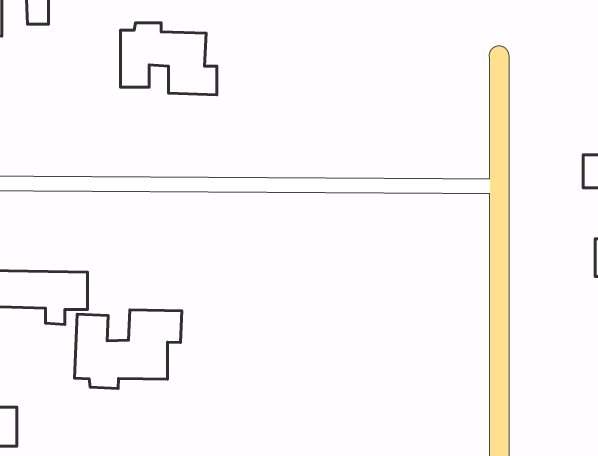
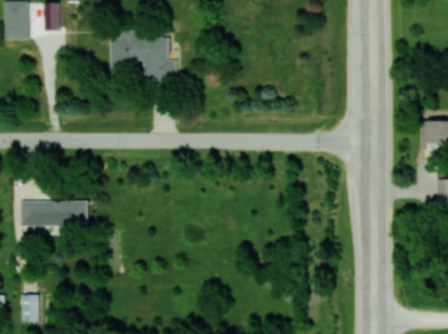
building: [74,310,182,389] -> none

